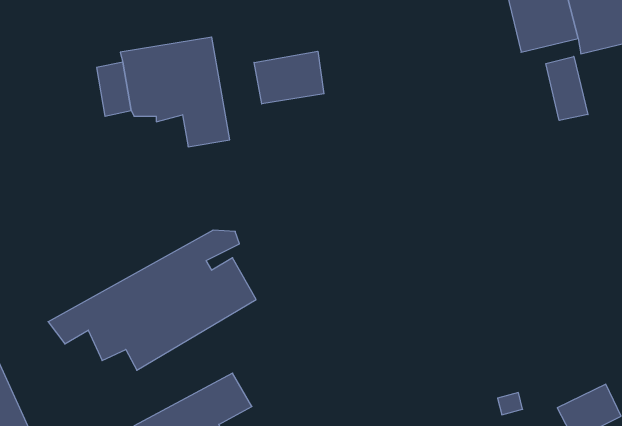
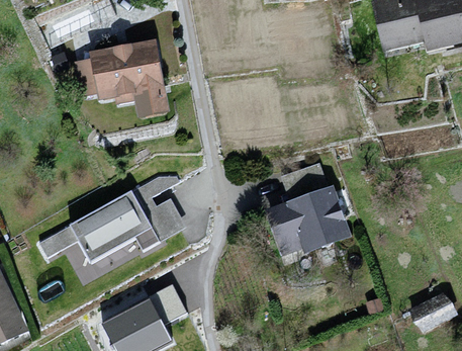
building: [254,51,324,104] -> none
building: [546,56,588,120] -> none
building: none -> [266,189,356,257]

